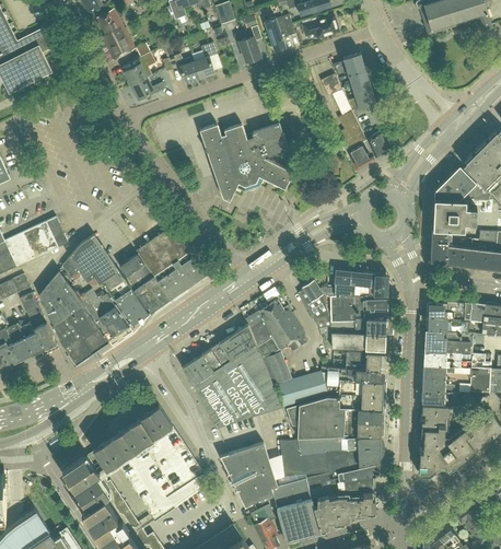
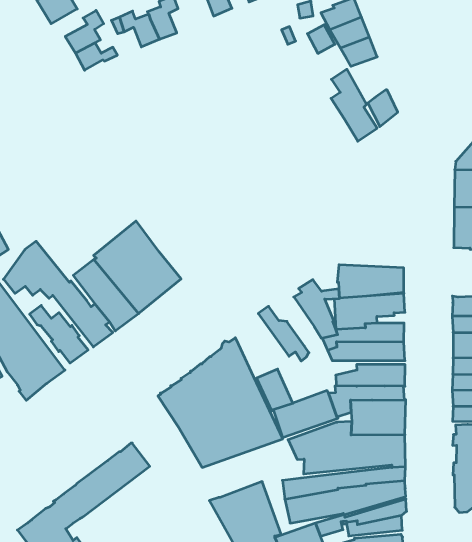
building: [200,125,293,202] -> none
building: [250,306,291,358] -> none

